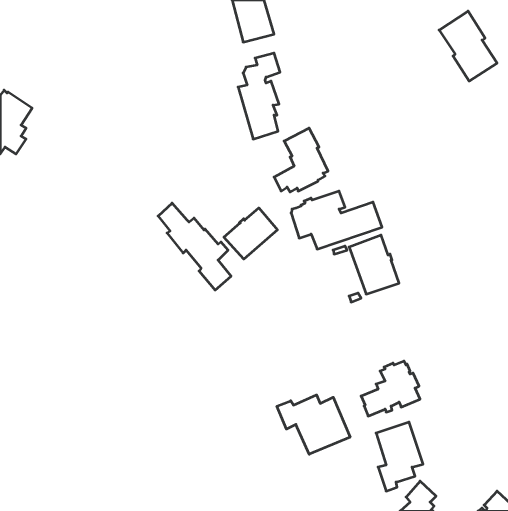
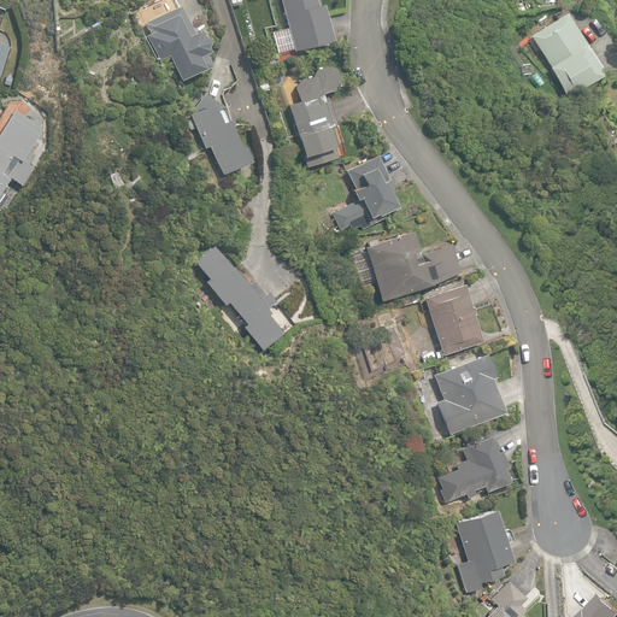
building: none -> [146,7,210,82]
building: none -> [189,94,253,175]
building: [224,208,277,259] -> none
building: none -> [435,353,506,434]
building: [277,395,350,454] -> none

